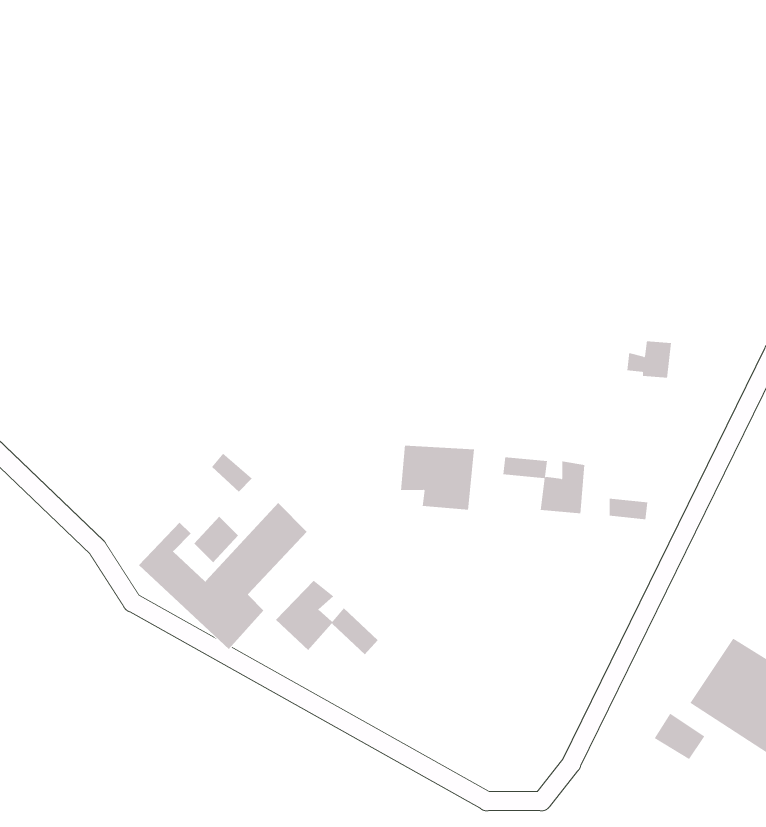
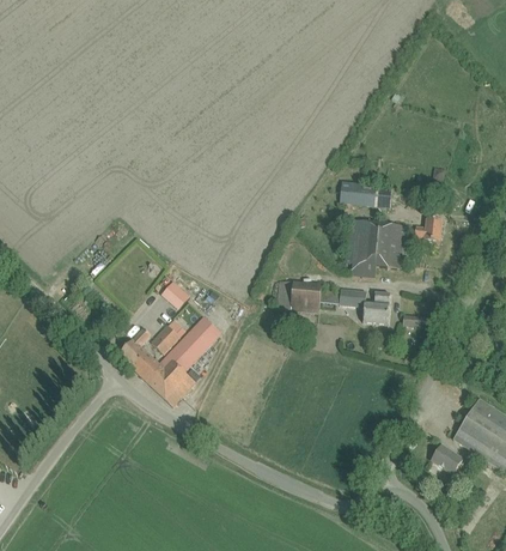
building: none -> [340,182,392,207]
building: none -> [346,219,411,277]
building: [275,580,378,655] -> none

